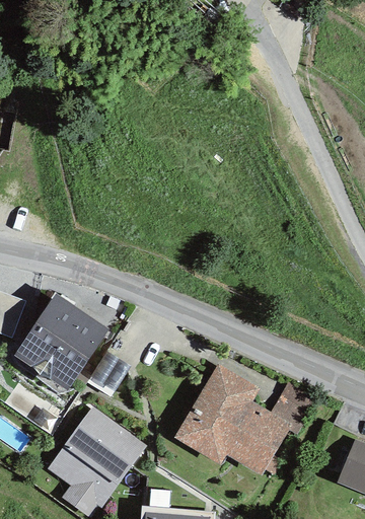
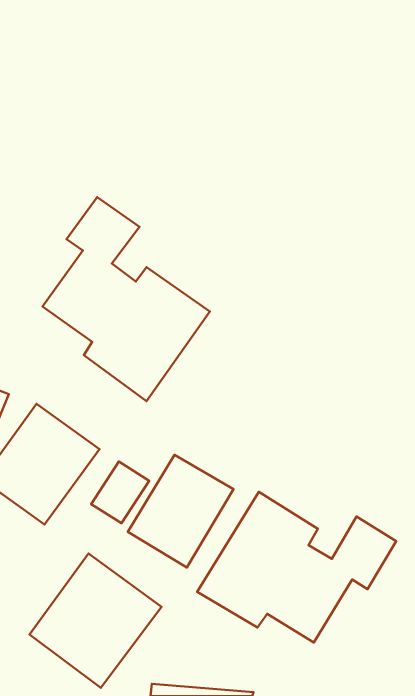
building: none -> [43,197,210,401]
building: none -> [128,455,233,567]

